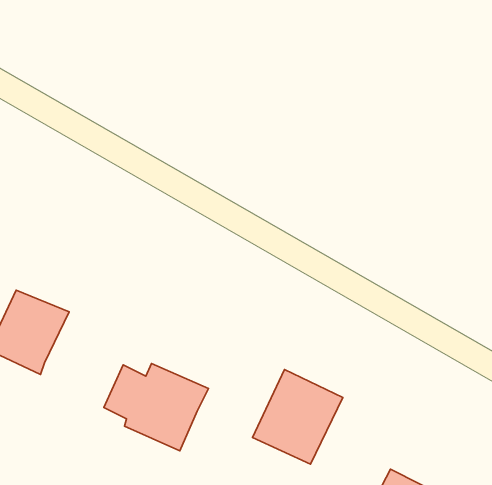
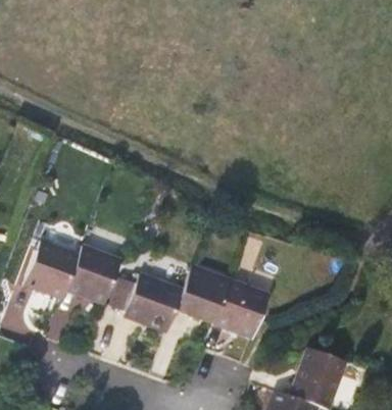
building: none -> [61,242,117,302]
building: none -> [169,261,227,324]

